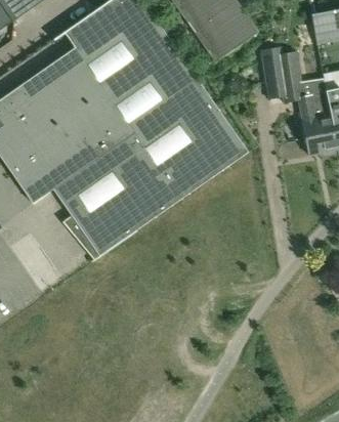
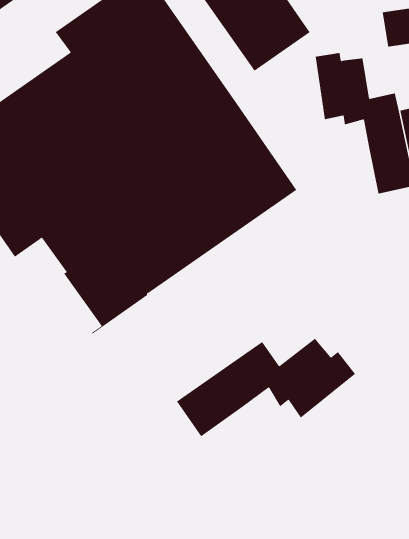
building: none -> [176,338,356,437]

